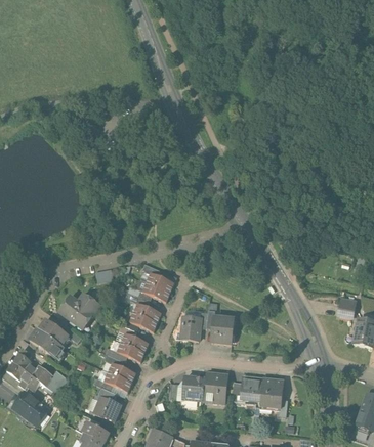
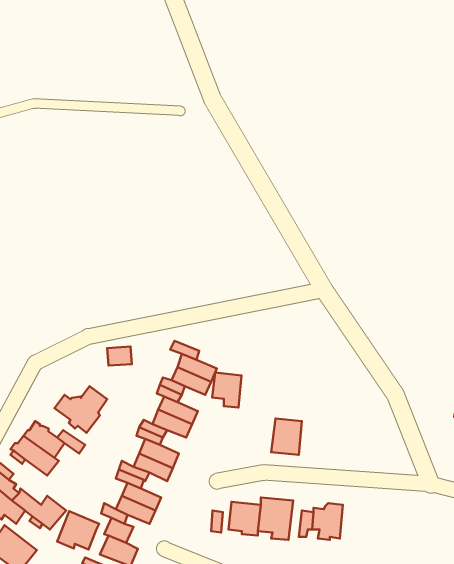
building: [180,316,201,341] -> [212,372,242,408]
building: [259,377,283,407] -> none
building: none -> [57,511,99,549]

